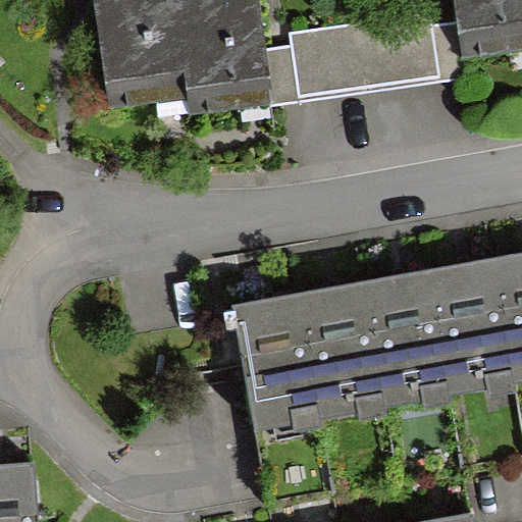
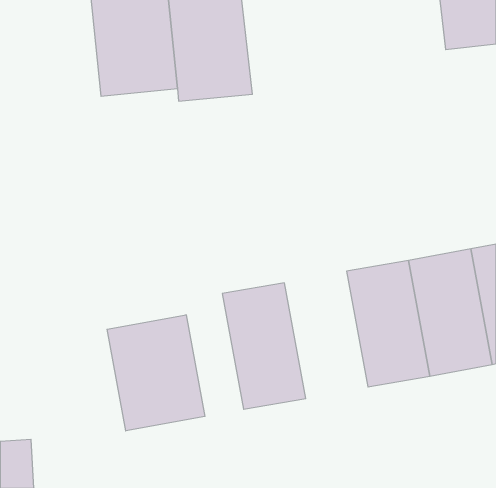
building: [282,12,449,97] -> none
building: [299,284,386,418] -> none
building: none -> [107,315,205,431]

